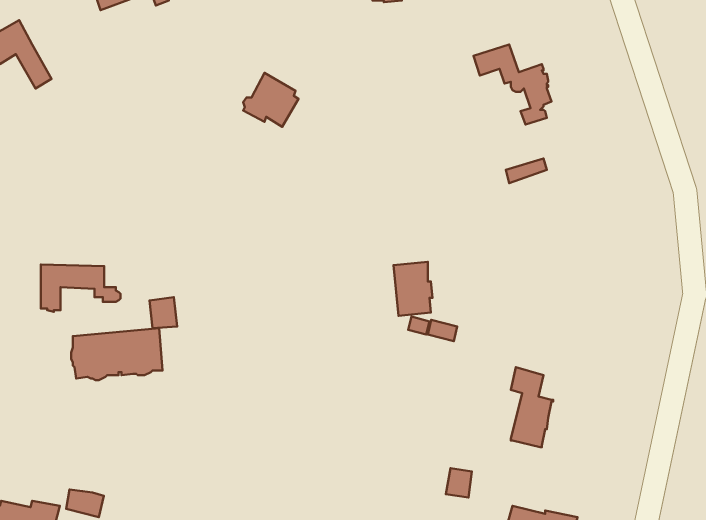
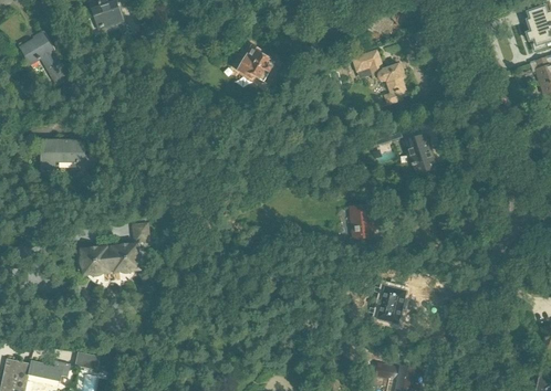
building: [243,73,299,127] -> [237,44,274,81]
building: none -> [404,134,437,173]
building: [394,262,433,316] -> [349,203,375,240]
building: [41,264,121,312] -> [41,139,95,171]

